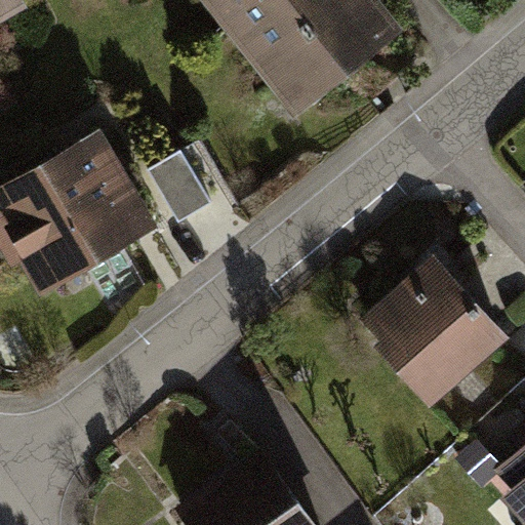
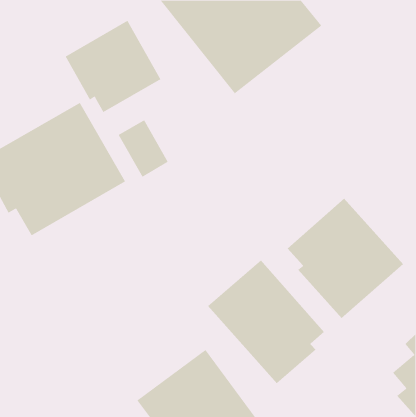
building: none -> [65,20,161,113]
building: none -> [207,260,325,384]

